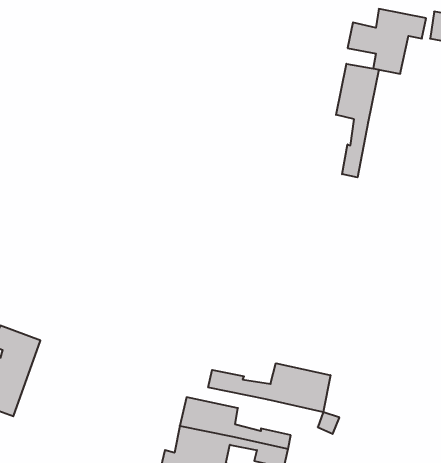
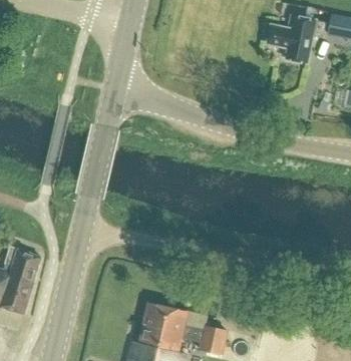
building: [336,64,379,177] -> none
building: [208,363,330,412] -> none

